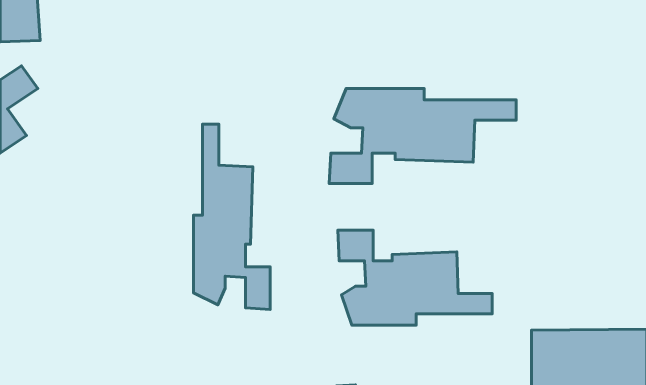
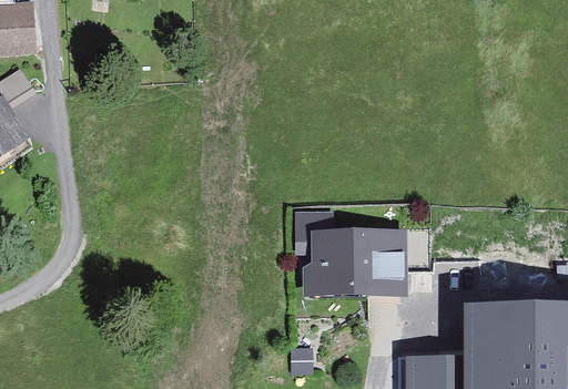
building: [329,88,516,184] -> none
building: [193,124,270,310] -> none

